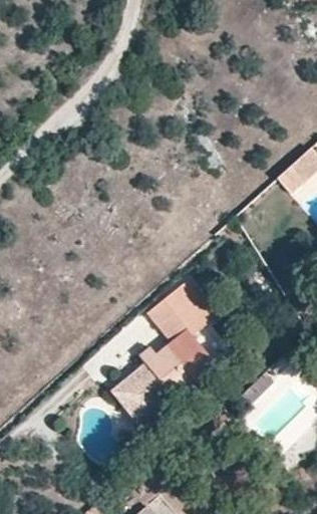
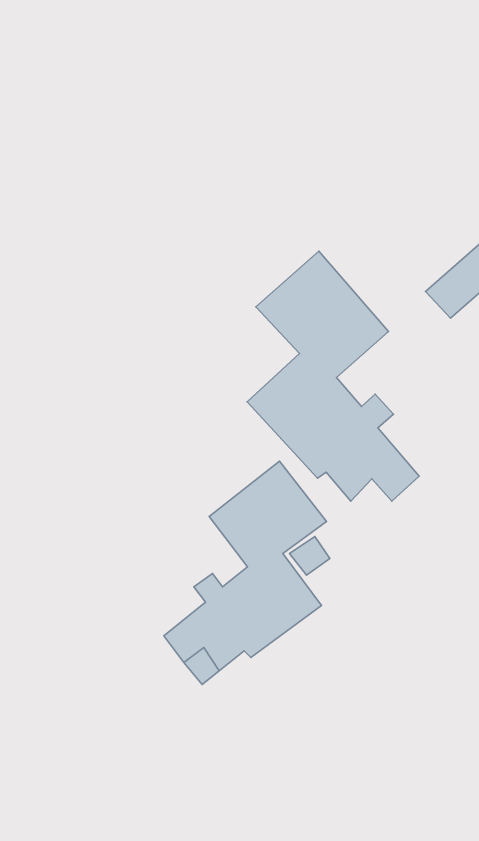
building: none -> [247,251,419,501]

